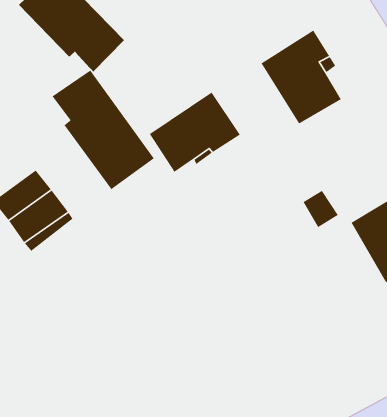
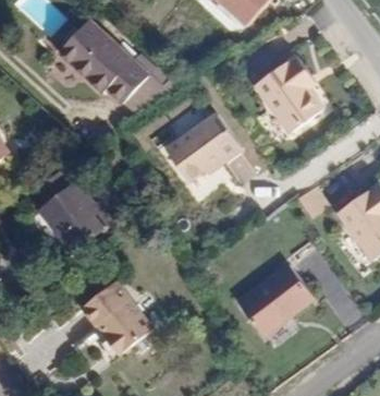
building: [51,70,155,190] -> none
building: none -> [249,261,323,333]
building: none -> [91,275,163,350]

